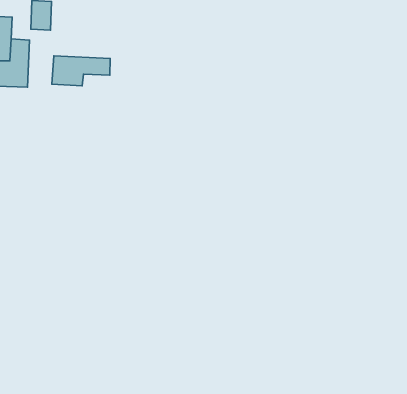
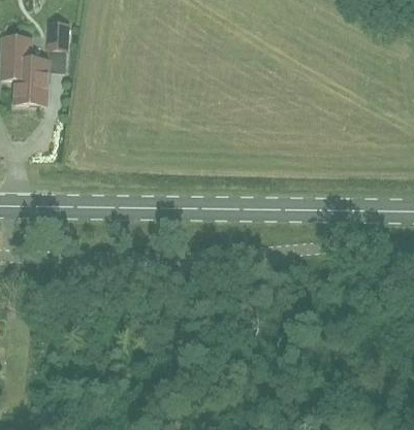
building: [52,56,110,86] -> none

